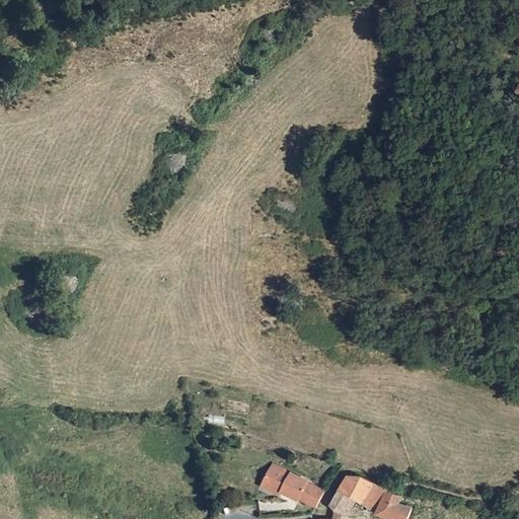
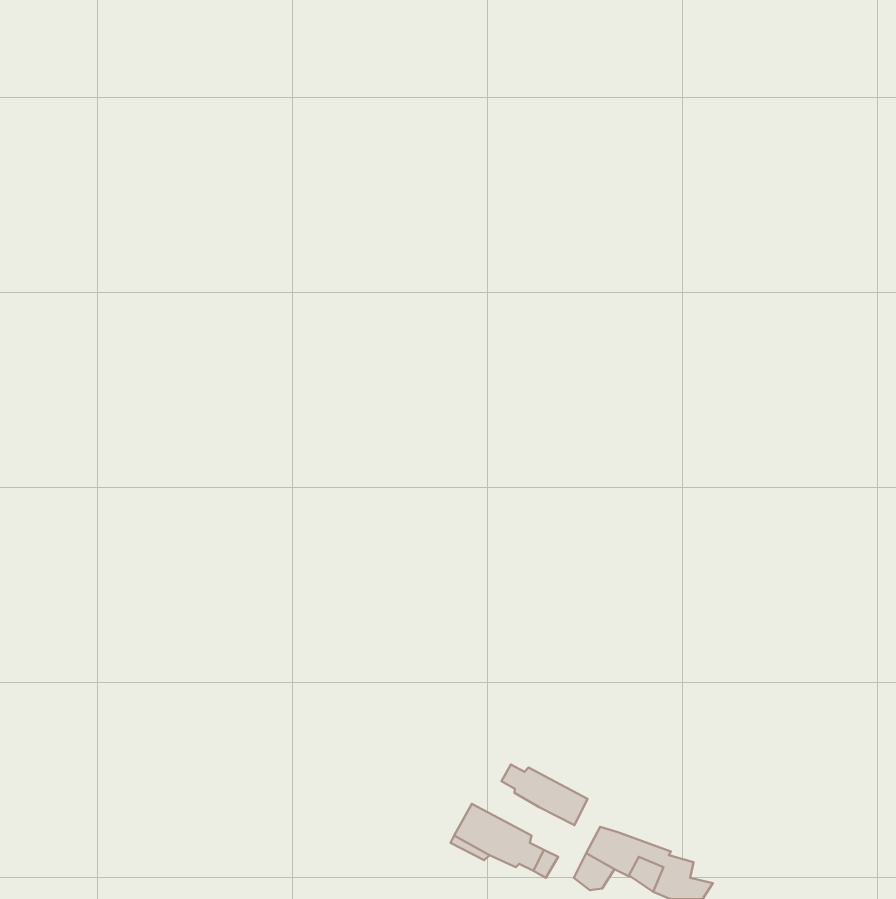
building: none -> [501,764,588,825]

